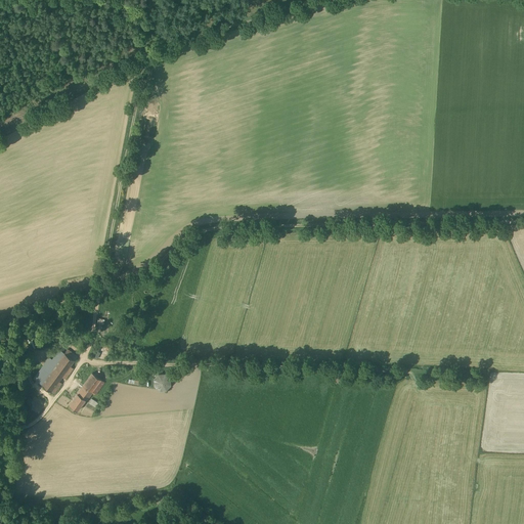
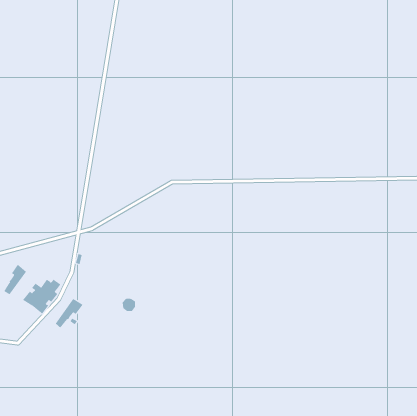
building: none -> [3,264,27,295]

